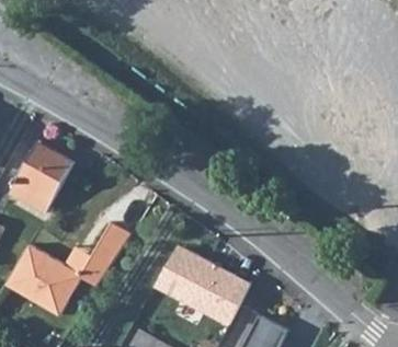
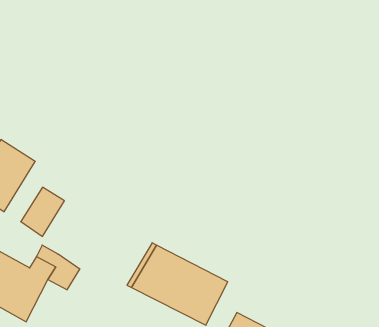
building: [90,219,132,266] -> [21,187,64,236]

